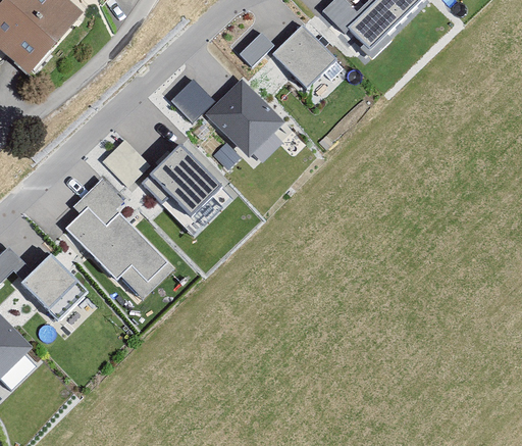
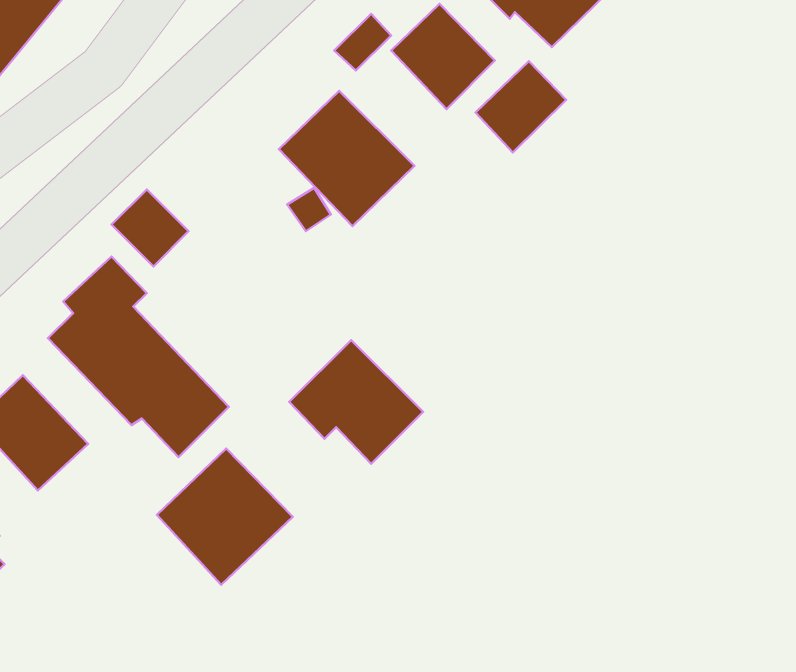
building: none -> [476,61,566,152]
building: [170,79,214,122] -> none
building: [141,144,222,219] -> [289,340,423,464]
building: none -> [157,449,293,585]

